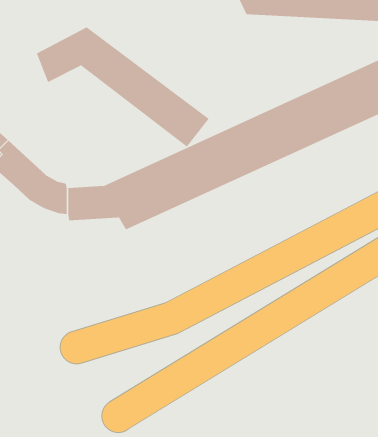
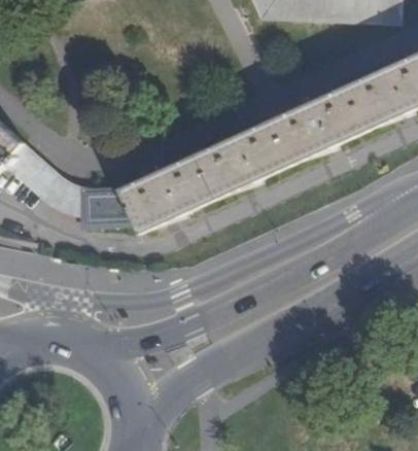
building: [36,27,209,148] -> none

